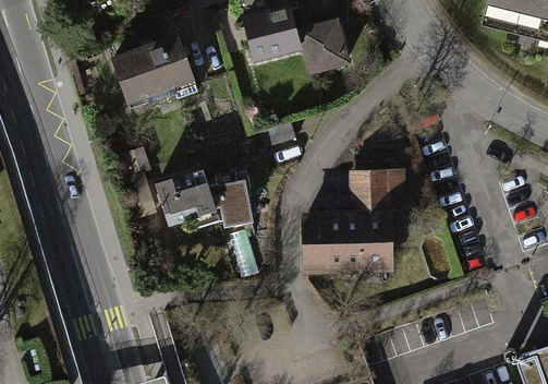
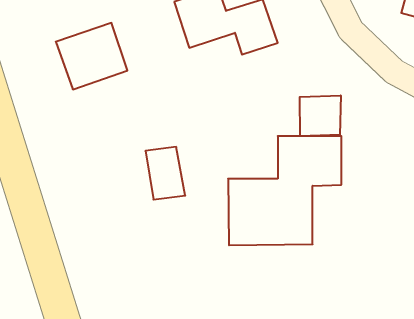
building: none -> [300,95,341,136]
building: [151,176,217,231] -> none

